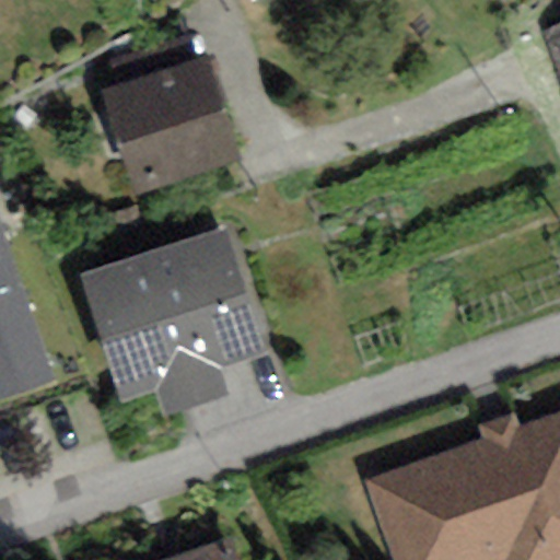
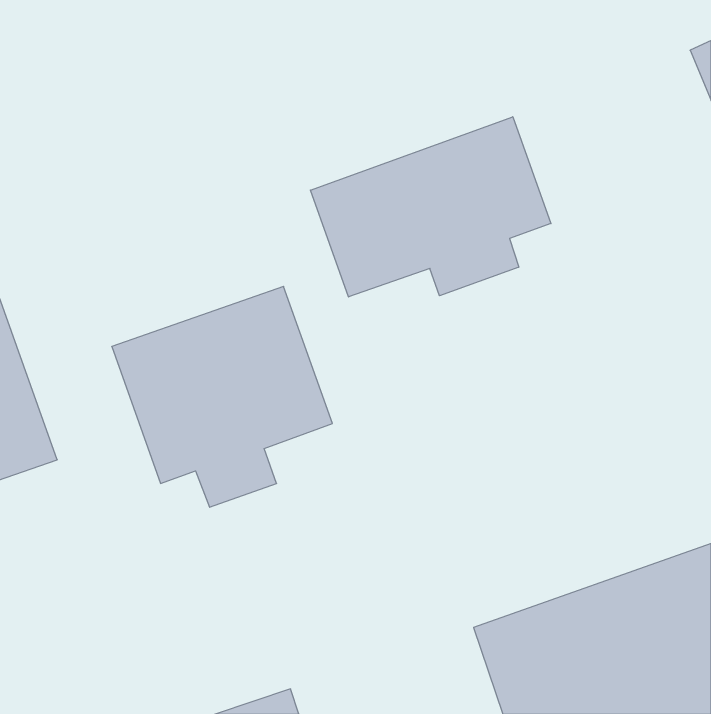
building: [103,66,230,188] -> none
building: none -> [310,117,551,297]

